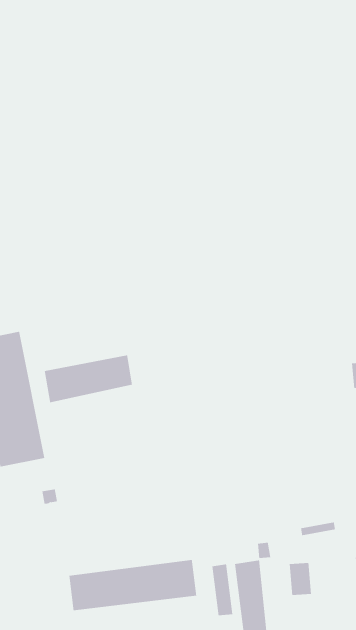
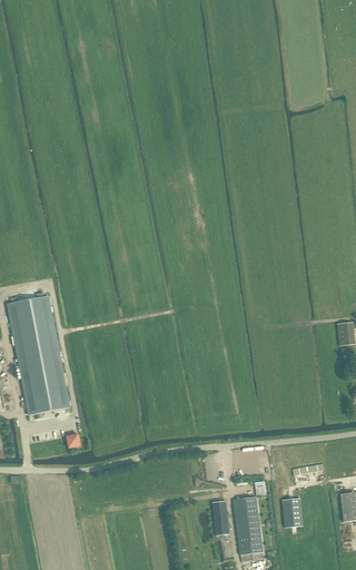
building: [44,354,132,403] -> none
building: [69,559,197,611] -> none

